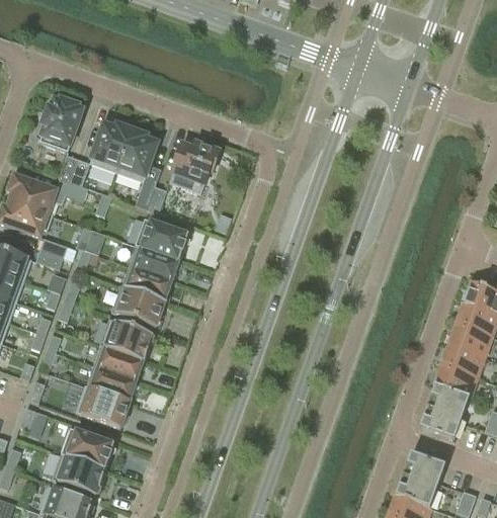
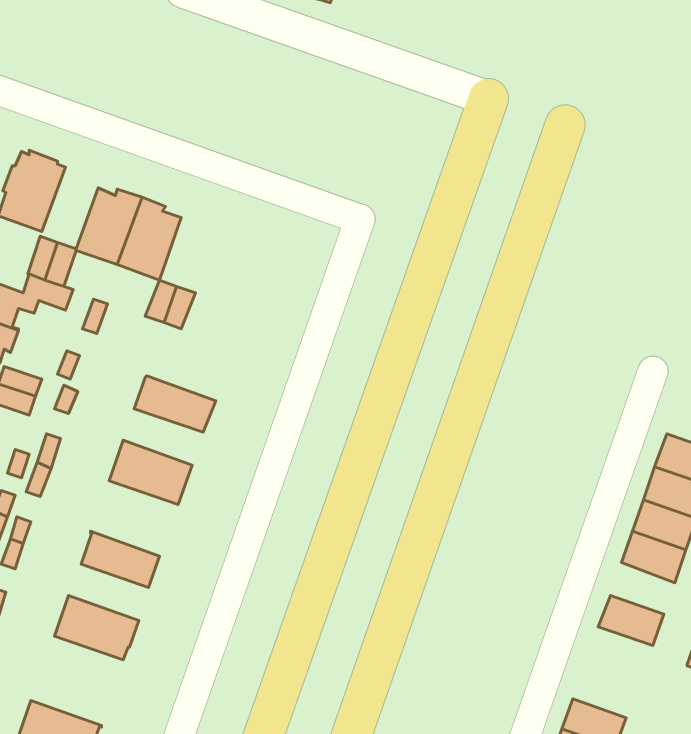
building: [169,142,219,192] -> none
building: [136,218,189,259] -> none
building: [120,264,172,300] -> none
building: [99,317,154,359] -> none
building: [435,363,477,397] -> none
building: [85,364,137,401] -> none
building: [420,405,463,438] -> none
building: [61,426,114,468] -> none

